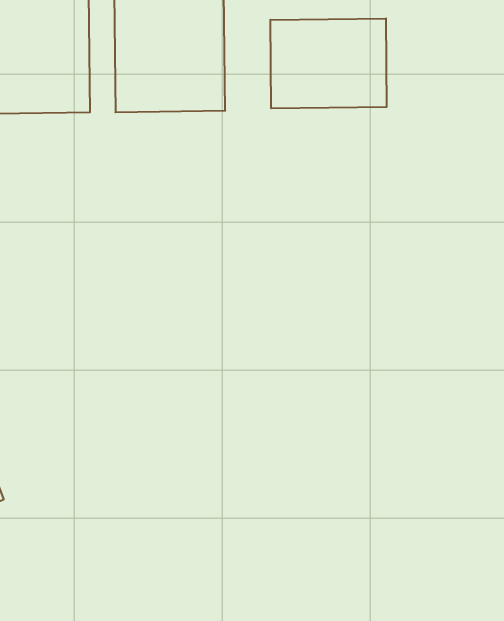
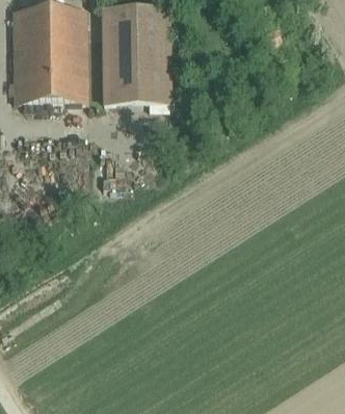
building: [270,18,387,108] -> none

